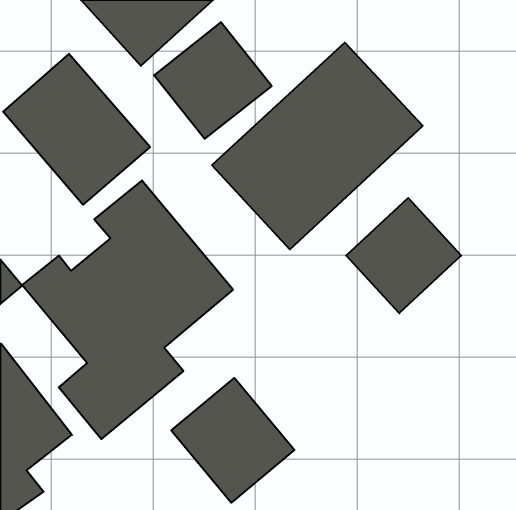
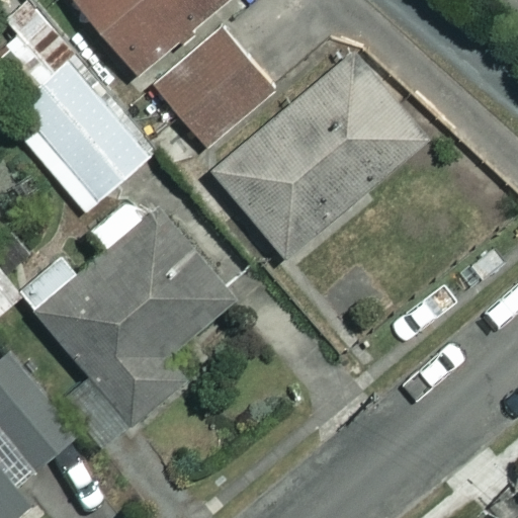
building: [346,198,461,313] -> none
building: [171,378,294,503] -> none

